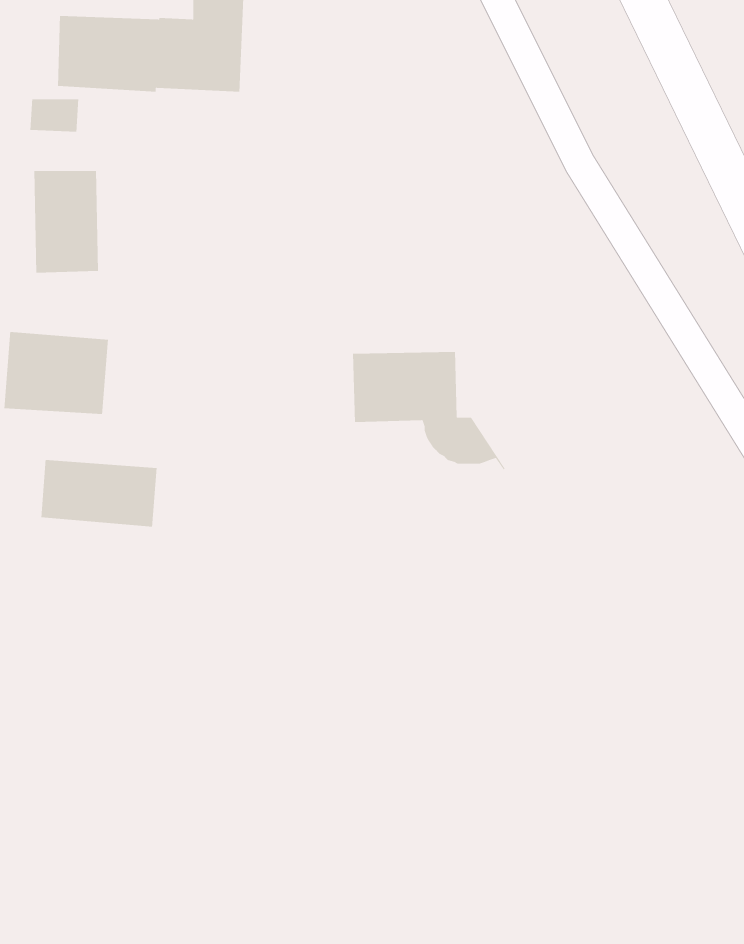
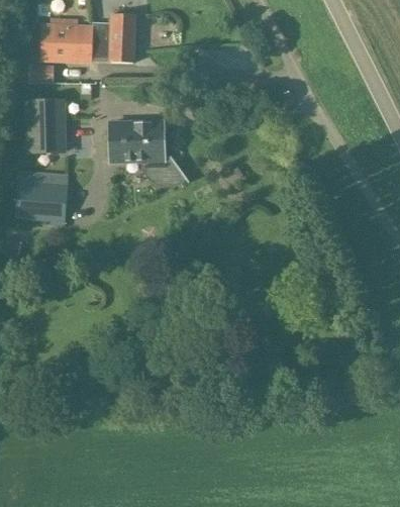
building: [352,351,505,471] -> [110,121,188,182]
building: [40,459,157,528] -> none

